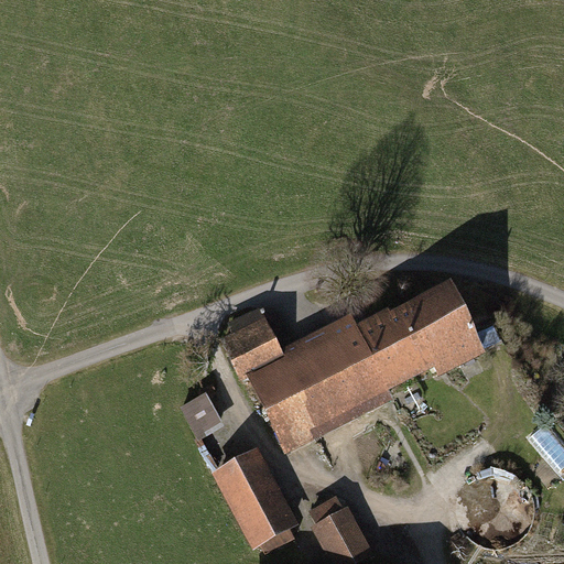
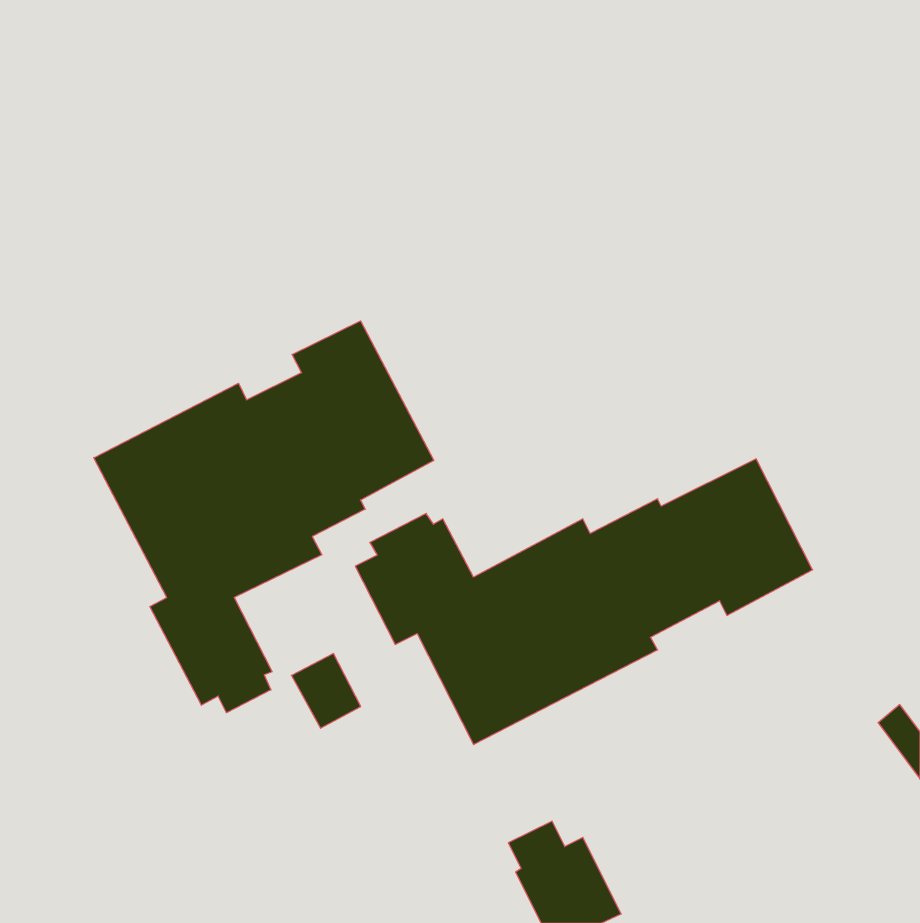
building: none -> [94,321,434,713]
building: [213,451,296,552] -> none

